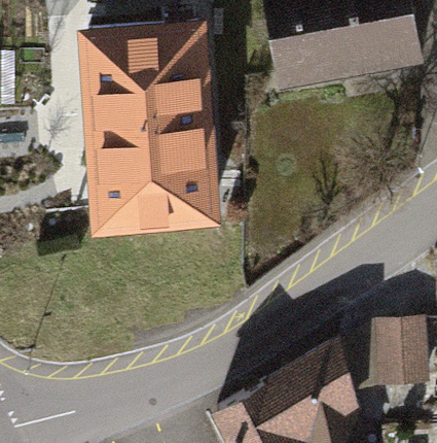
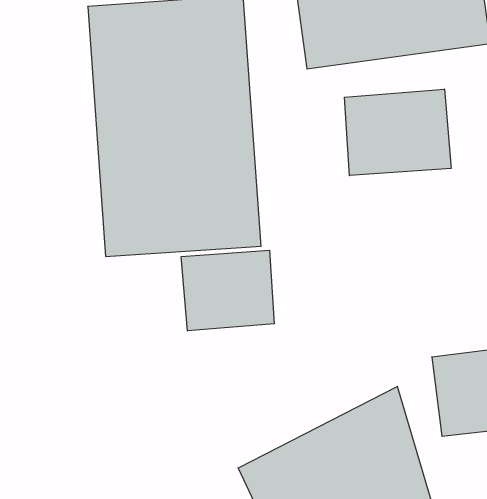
building: none -> [344,89,451,176]
building: none -> [181,250,274,331]

